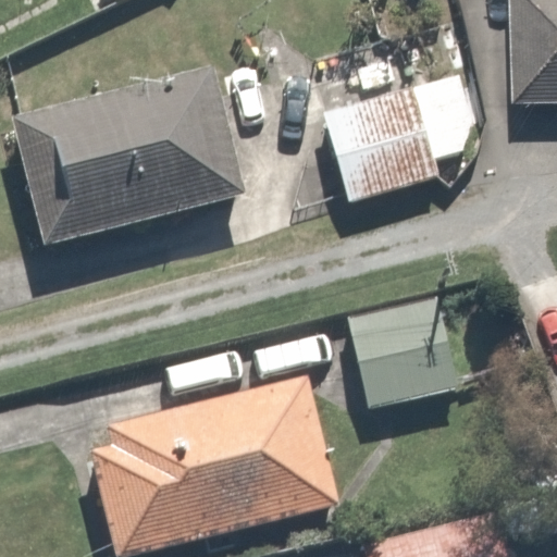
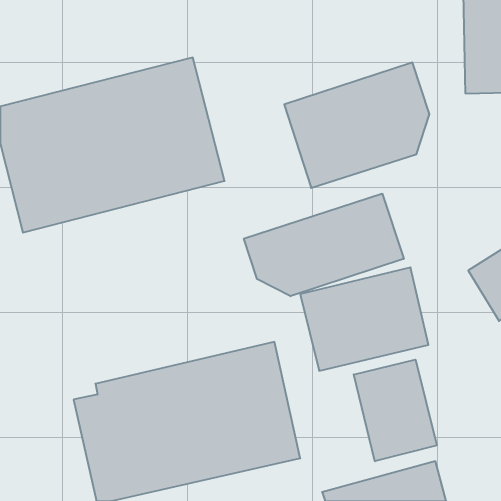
building: none -> [244,194,404,296]
building: none -> [354,360,437,461]

